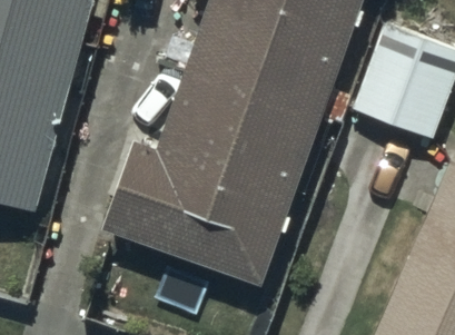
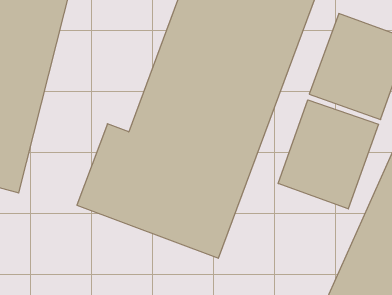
building: none -> [278,100,378,209]

